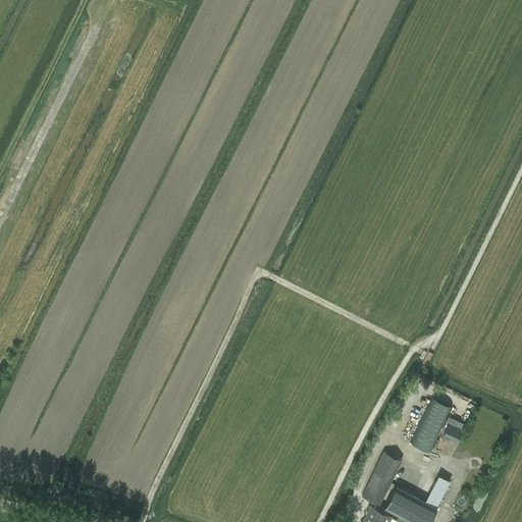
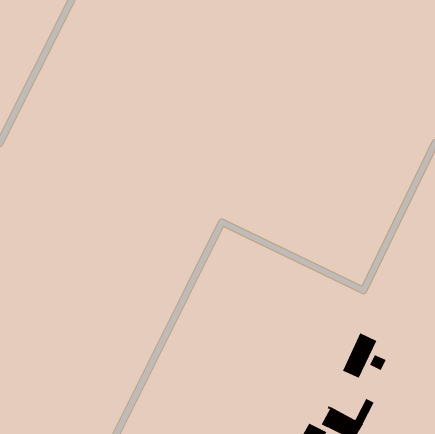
building: [362,454,401,507] -> none

